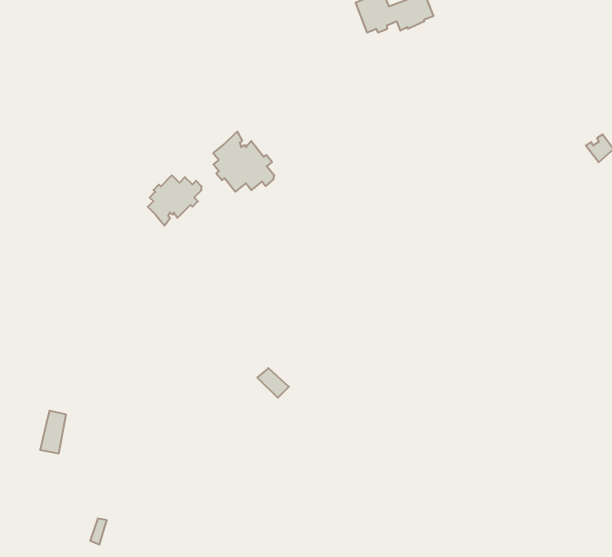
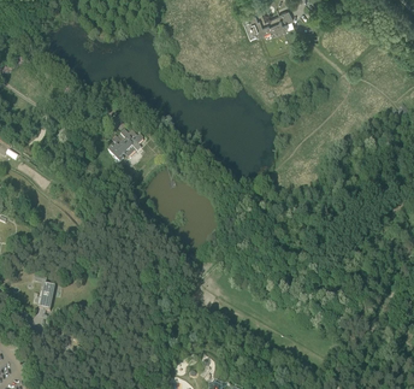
building: [213,132,274,192] -> none

